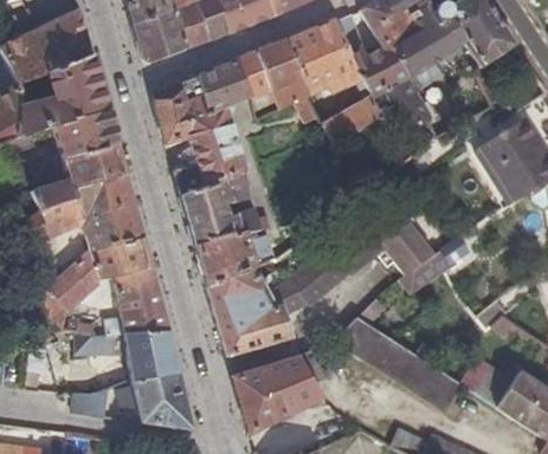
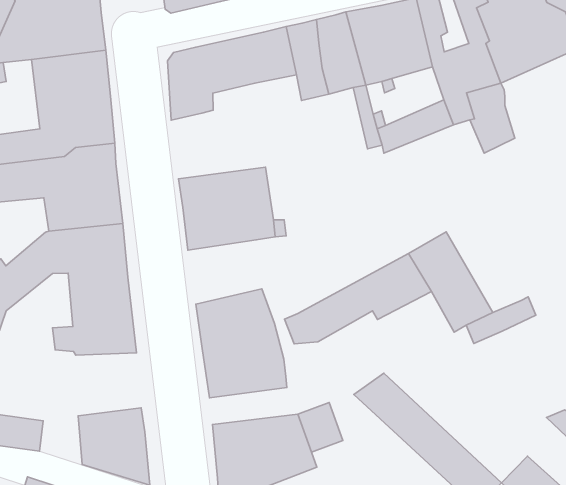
building: [172,109,243,192] -> none
building: [194,228,277,285] -> none
building: [79,330,179,388] -> none

